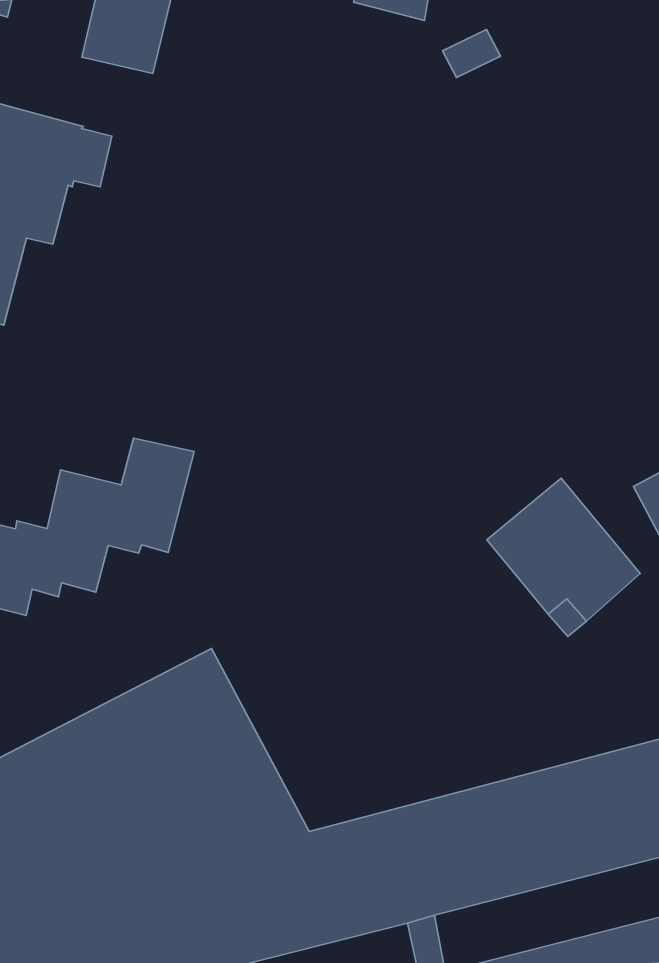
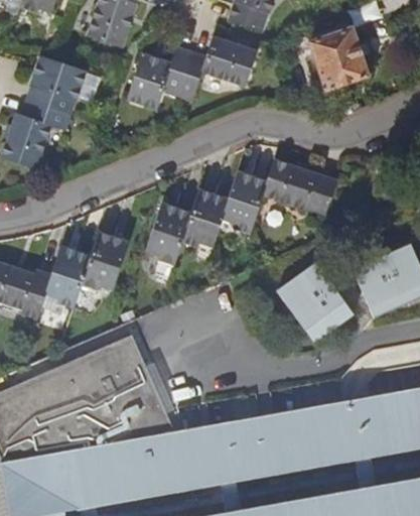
building: none -> [305,28,365,94]
building: none -> [128,32,257,106]
building: none -> [147,155,338,261]

